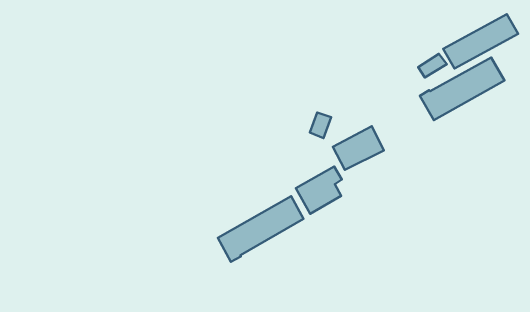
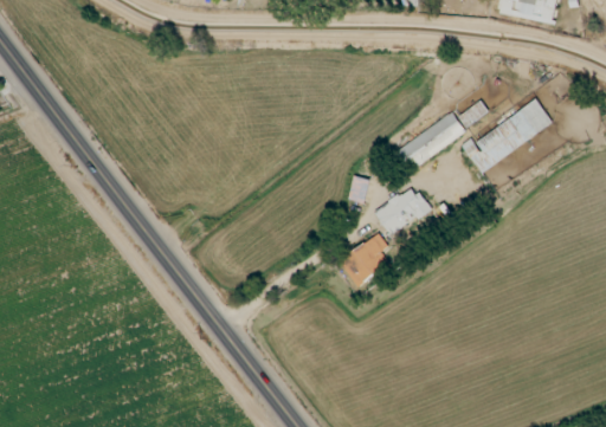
building: [443,14,518,69] -> [387,112,466,176]
building: [218,196,304,262] -> none

